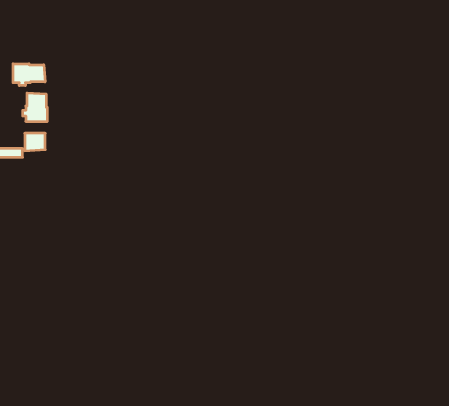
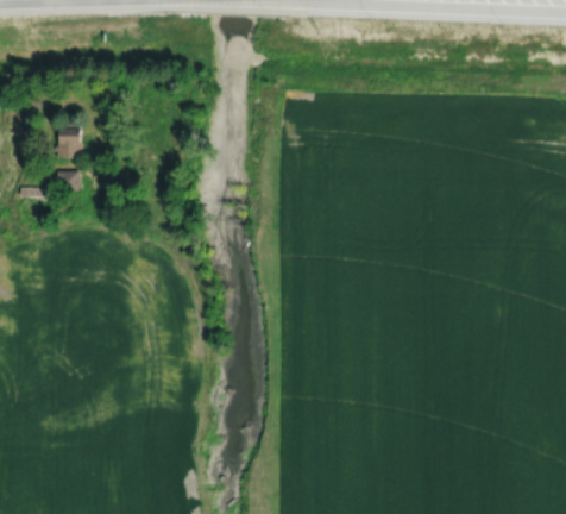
building: [13,64,45,86] -> none

